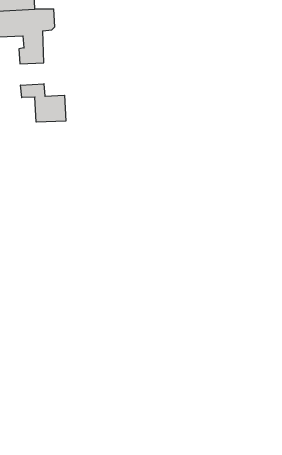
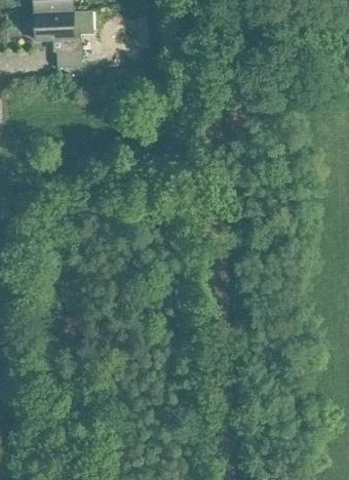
building: [21,84,66,122] -> none

